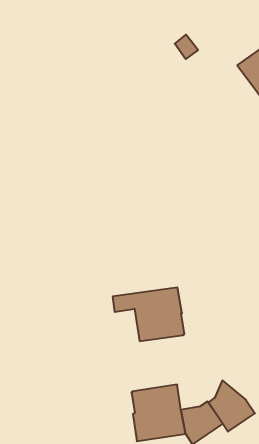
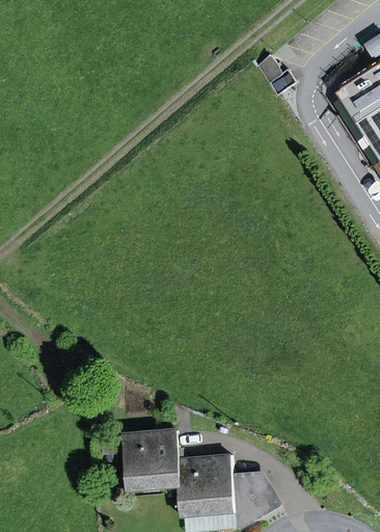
building: [113,287,184,341] -> [102,429,181,487]
building: [208,380,255,432] -> none

